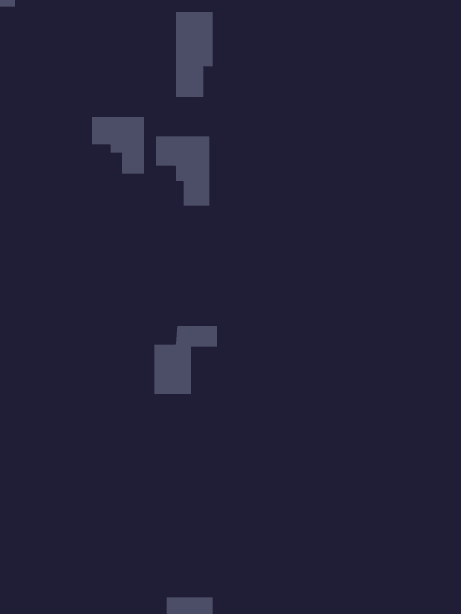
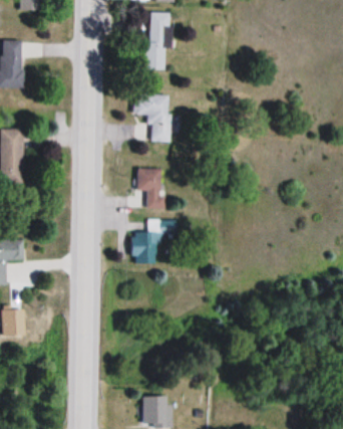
building: [92,116,145,174] -> none
building: none -> [136,168,164,209]

